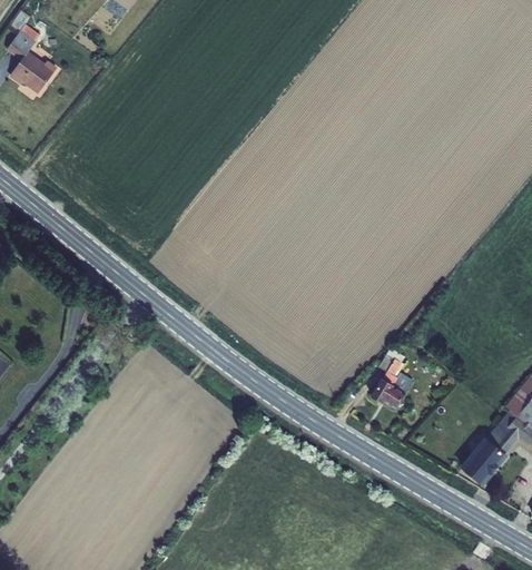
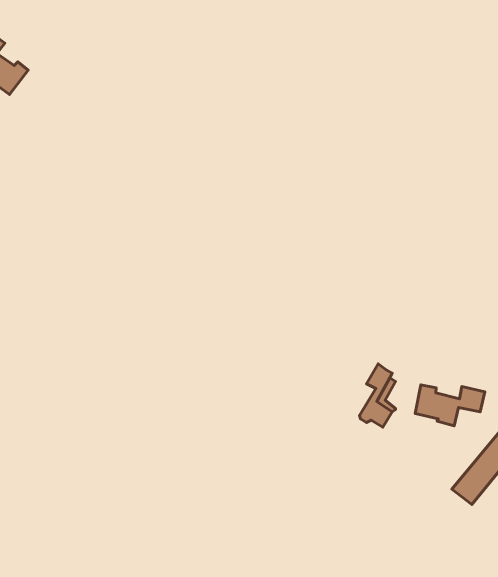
building: none -> [415,385,485,426]

